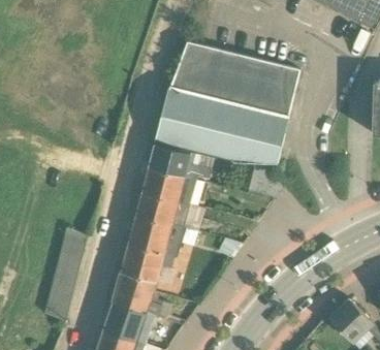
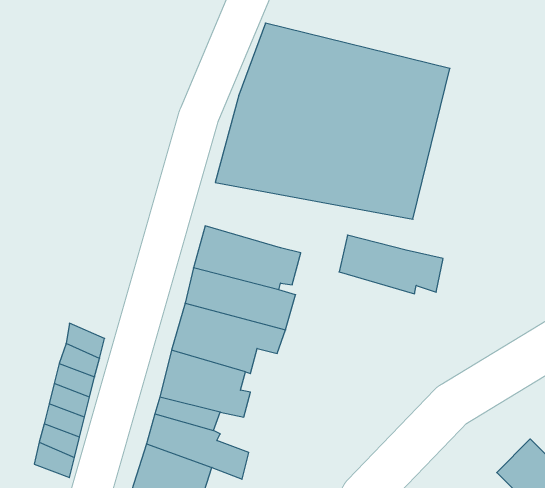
building: [149,145,213,181] -> [339,235,443,294]

